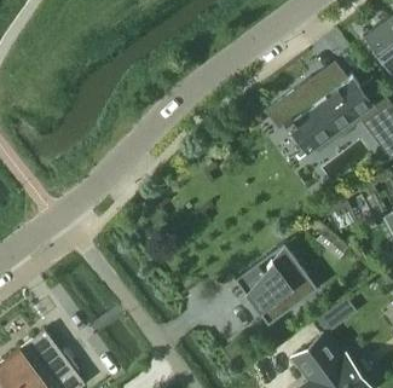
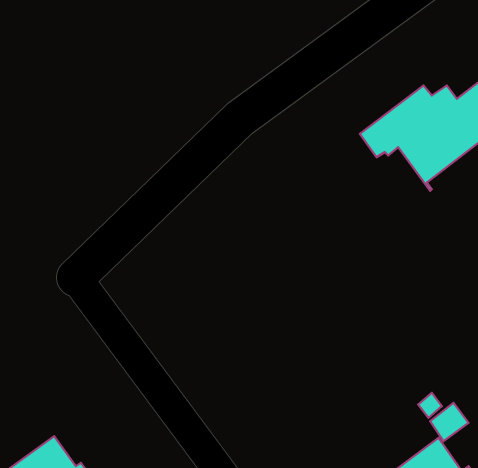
building: [245,248,317,325] -> none

